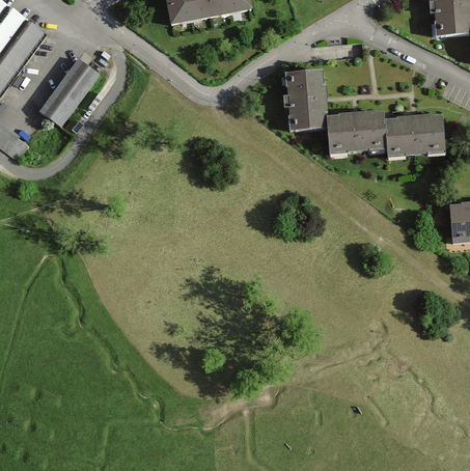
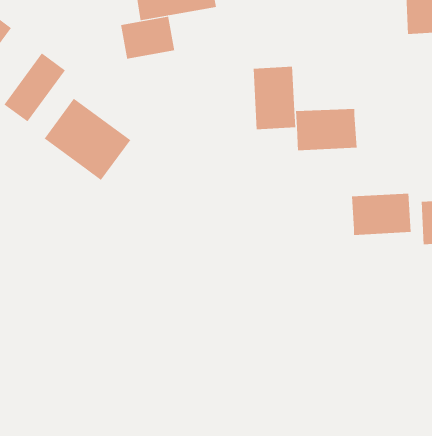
building: none -> [120,16,175,59]
building: none -> [44,98,131,181]
building: [385,113,444,155] -> [351,193,411,235]

